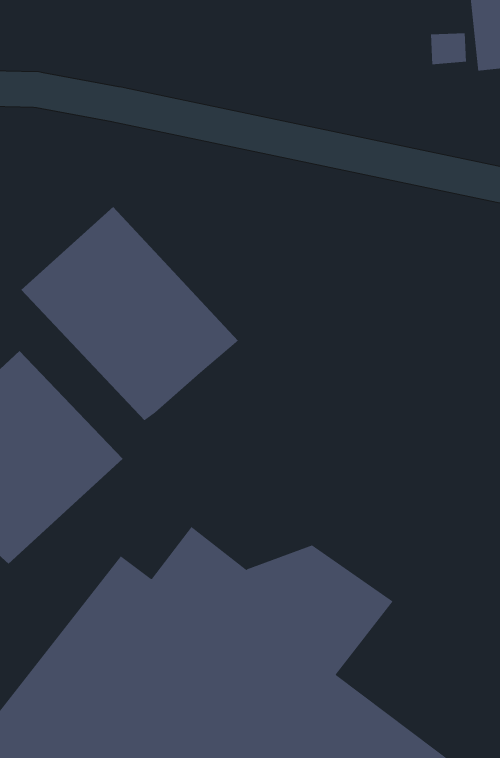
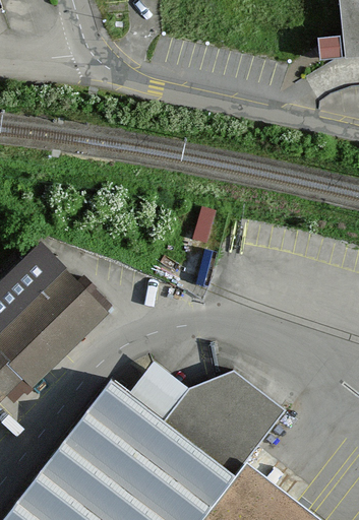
building: [20,206,239,421] -> none

